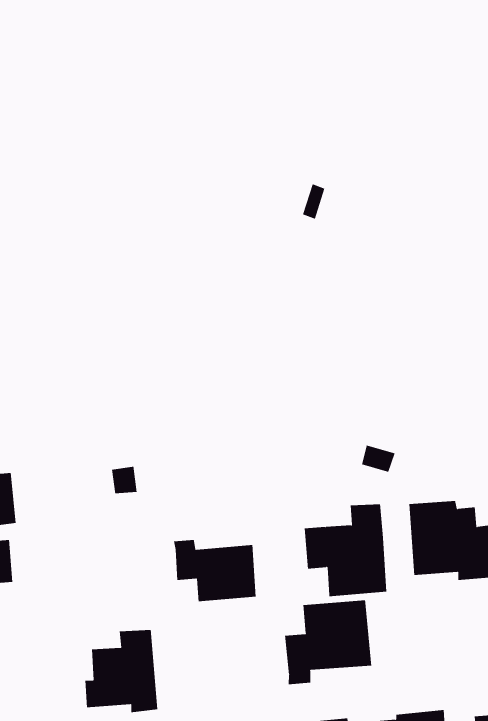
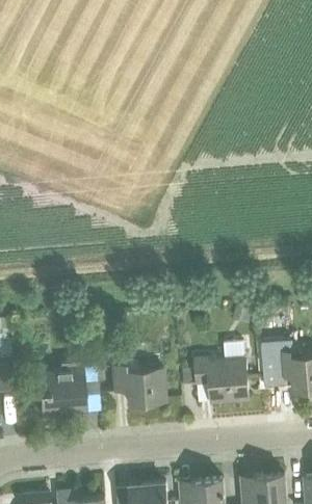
building: [284,600,372,685] -> none
building: [85,629,158,713] -> [38,361,85,414]

